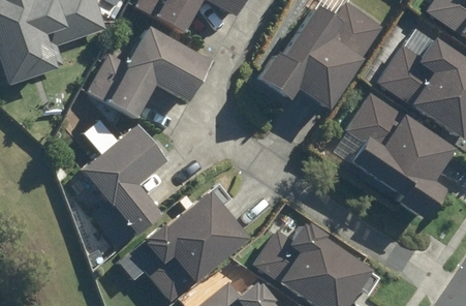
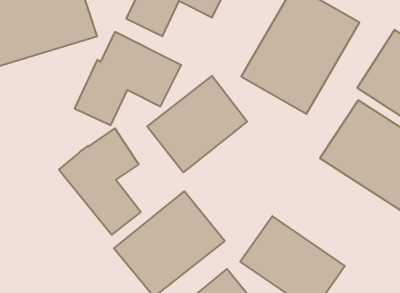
building: none -> [147,76,247,172]

